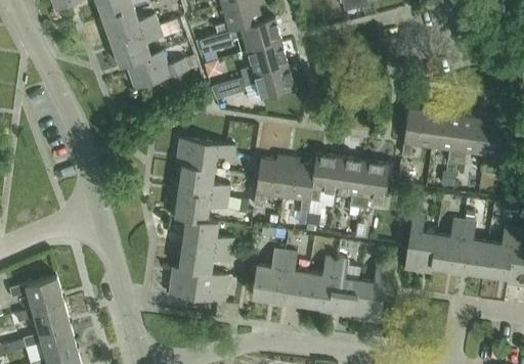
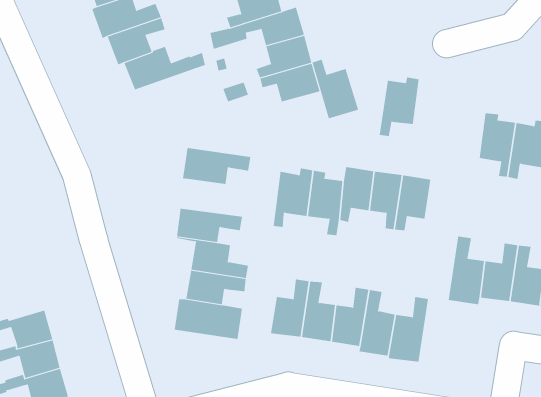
building: none -> [312,59,359,119]
building: [401,106,436,157] -> [379,77,419,136]
building: [174,166,229,197] -> none

